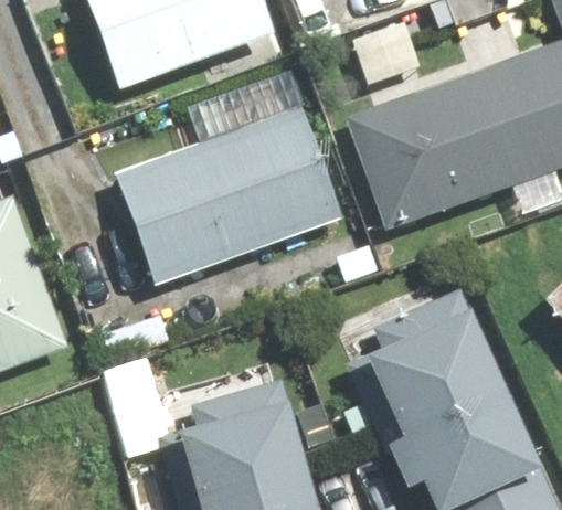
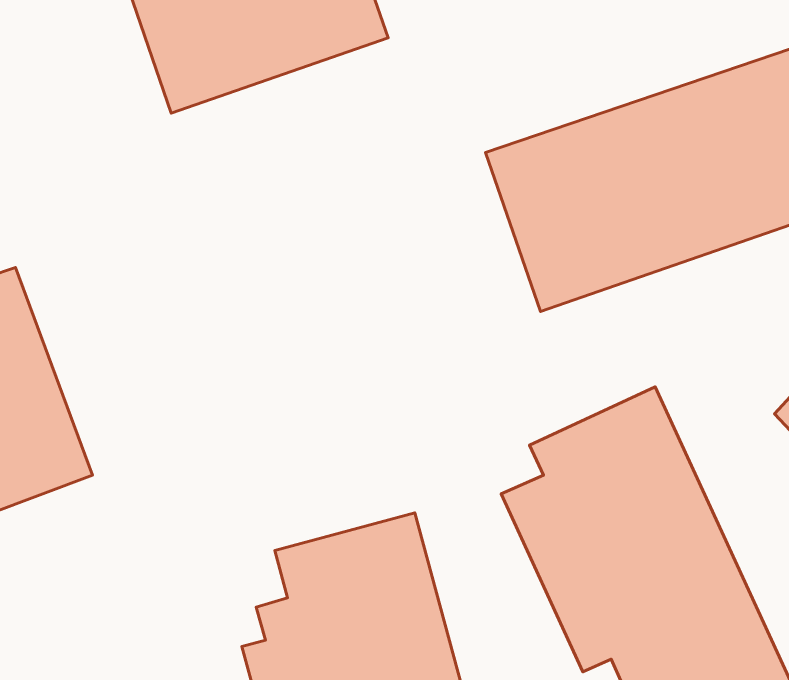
building: [120,120,340,286] -> none

